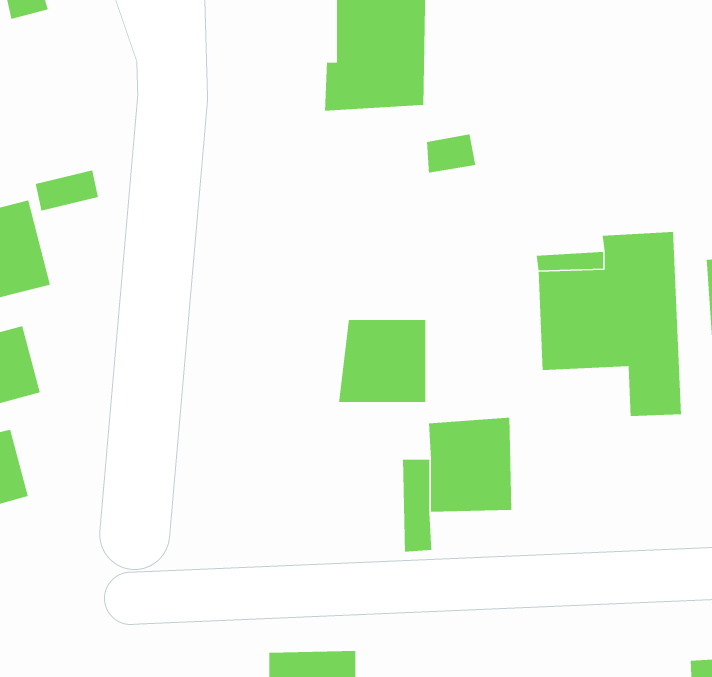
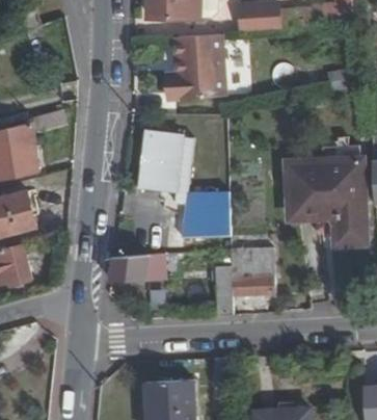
building: none -> [137,120,194,195]
building: none -> [109,260,173,289]

